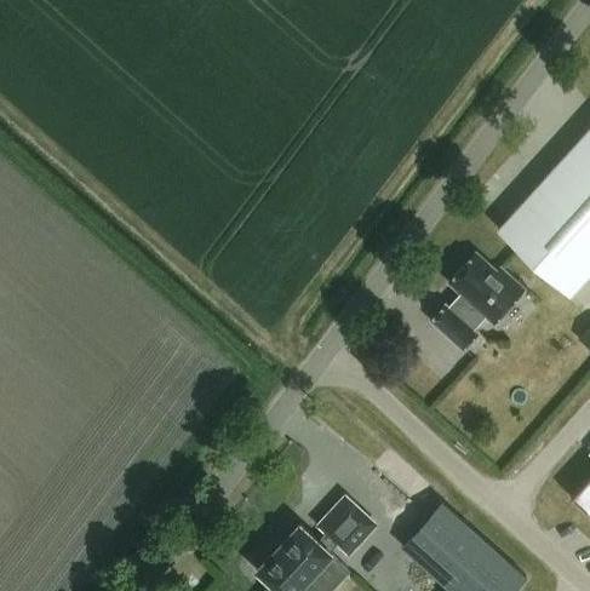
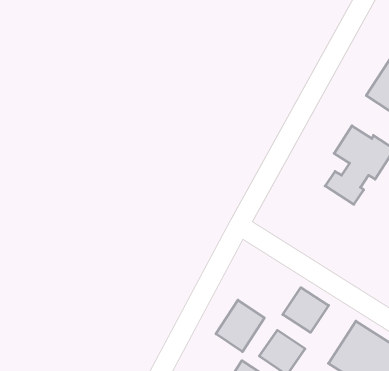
building: none -> [283,288,329,332]
building: none -> [216,300,264,352]

